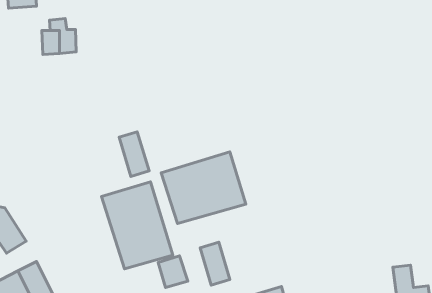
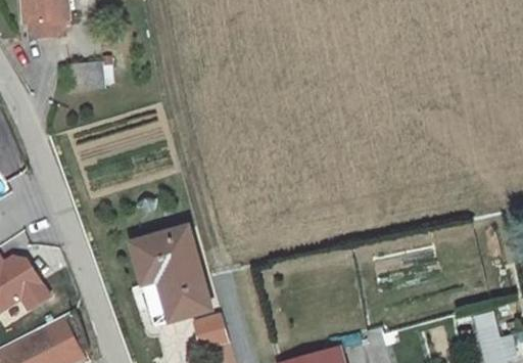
building: [119,132,149,176] -> none
building: [161,152,246,224] -> none
building: [200,242,230,285] -> none

